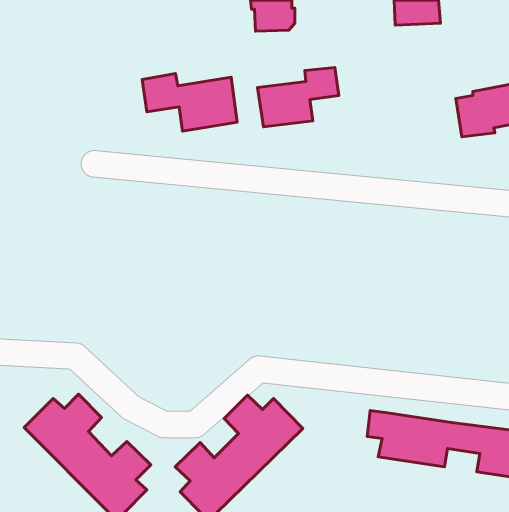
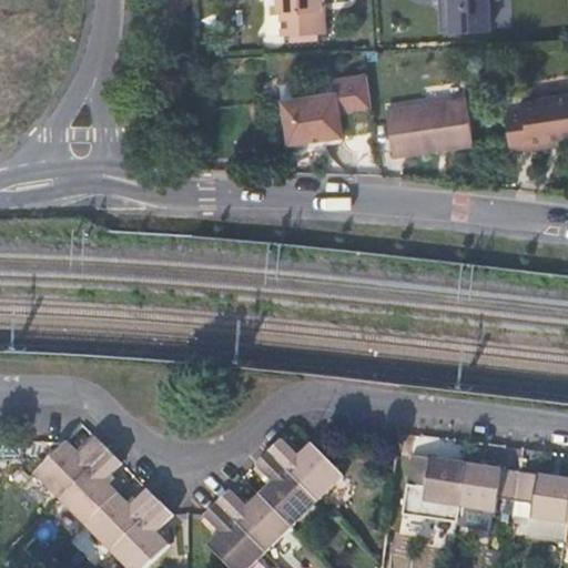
building: none -> [393,83,478,141]
building: [142,73,237,131] -> none

